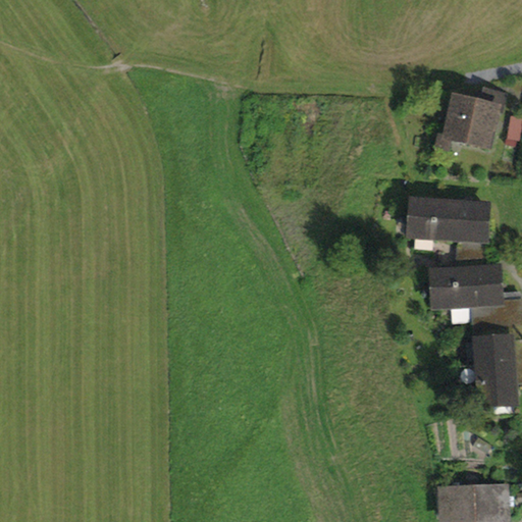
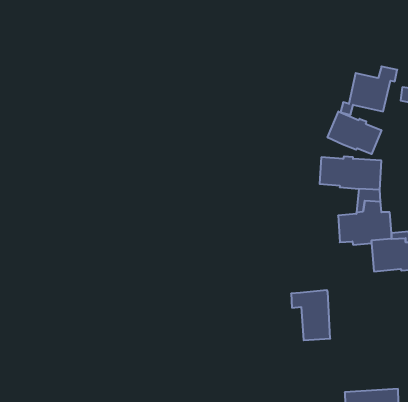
building: none -> [328,111,381,154]
building: [466,337,514,399] -> [291,290,330,340]

